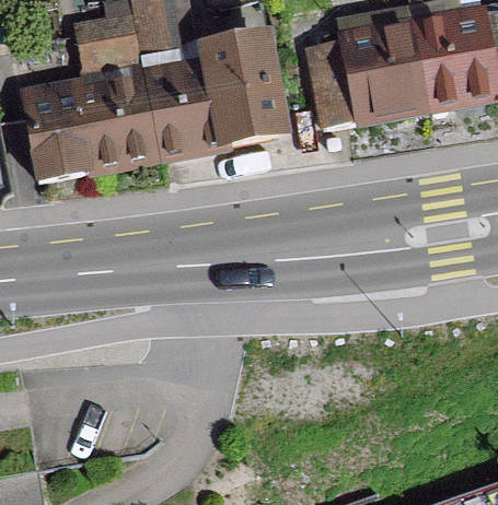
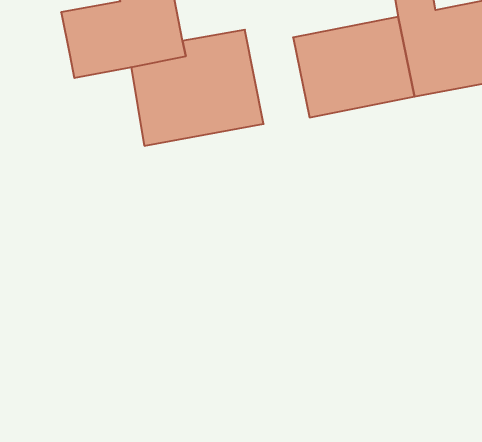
building: [22,78,157,179] -> none

